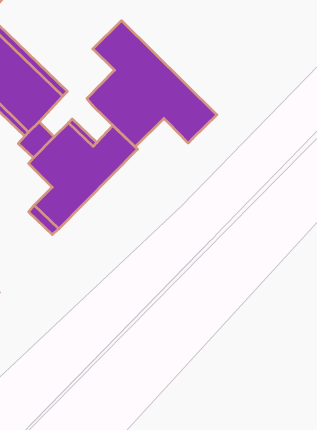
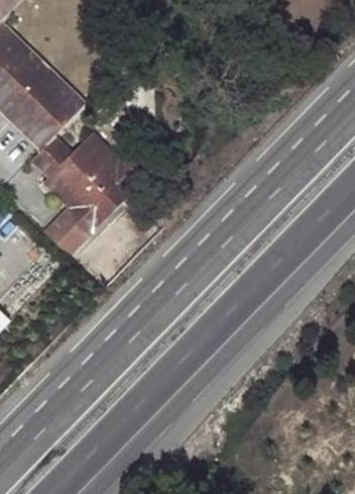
building: [87,21,217,147] -> none

